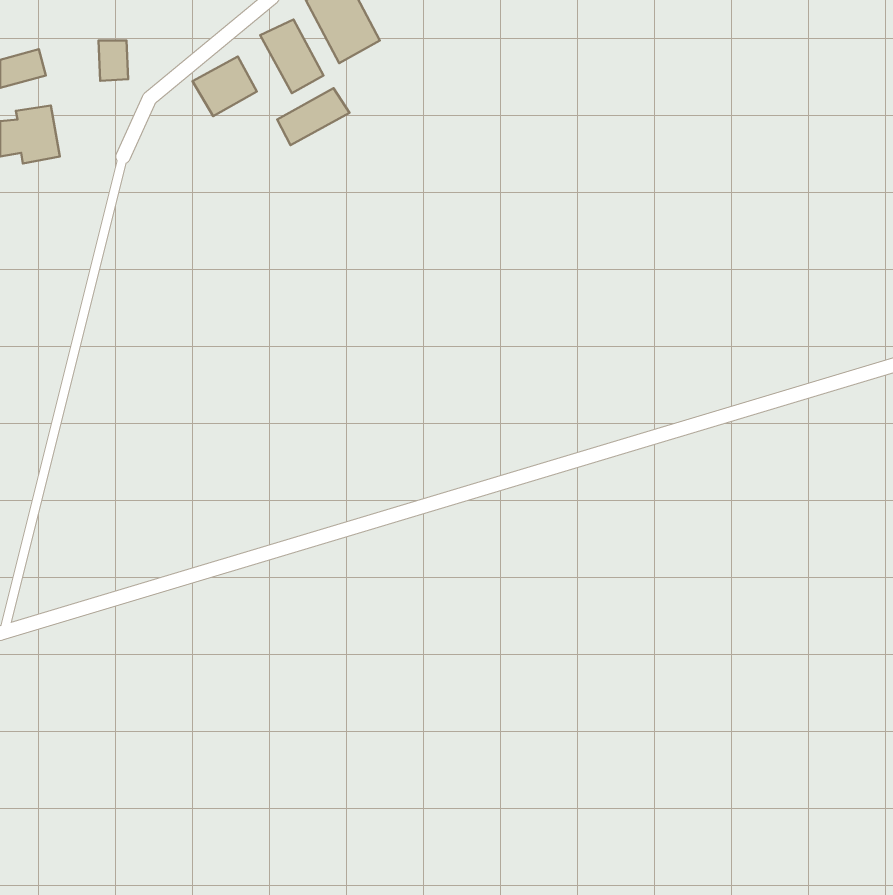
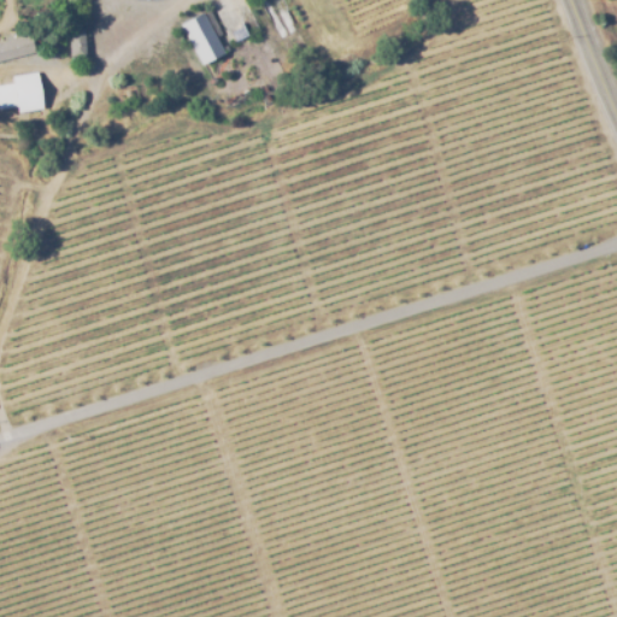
building: [192,57,257,116] -> none
building: [277,88,350,145] -> none

